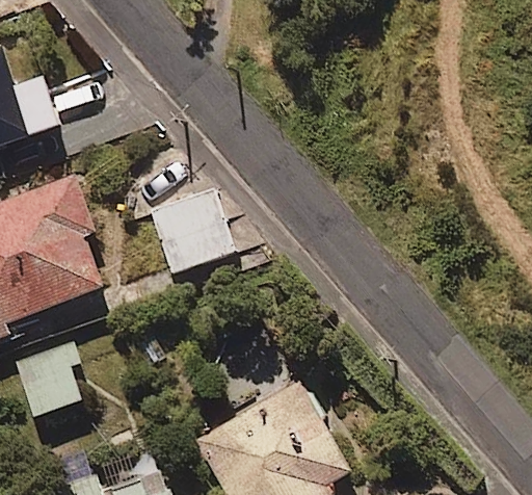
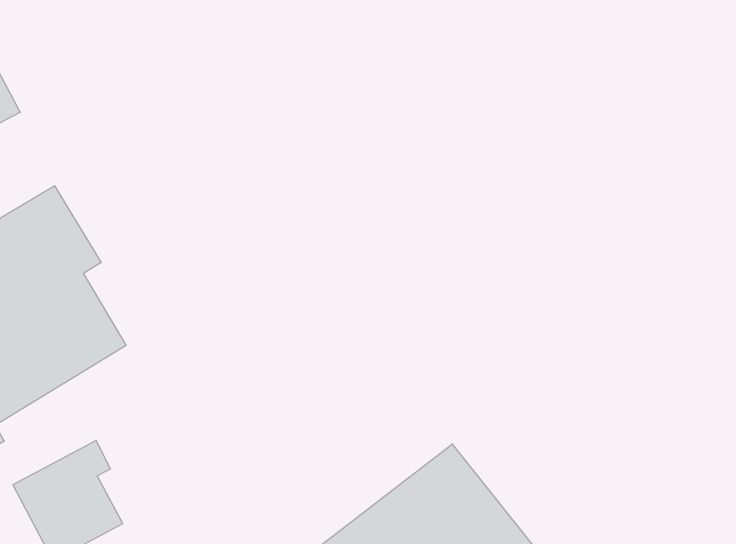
building: [150,189,234,273] -> none

